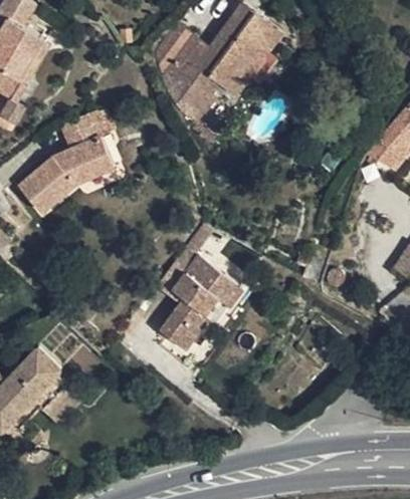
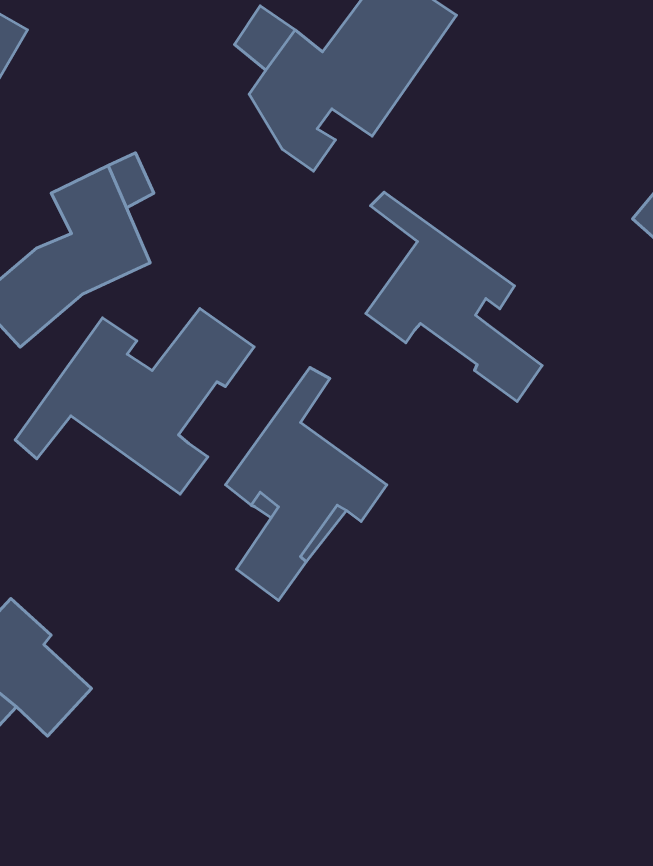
building: none -> [366,192,542,401]
building: none -> [15,309,254,494]

